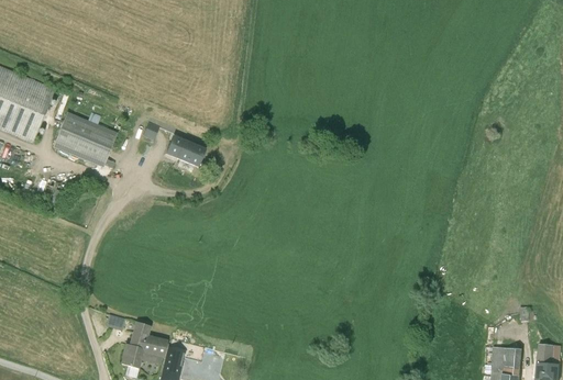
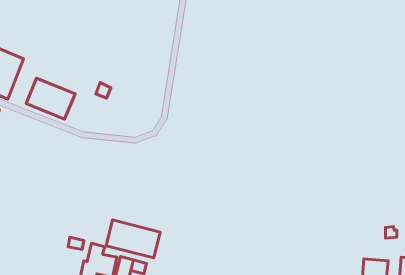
building: [168,137,208,167] -> none
building: none -> [106,220,160,258]

